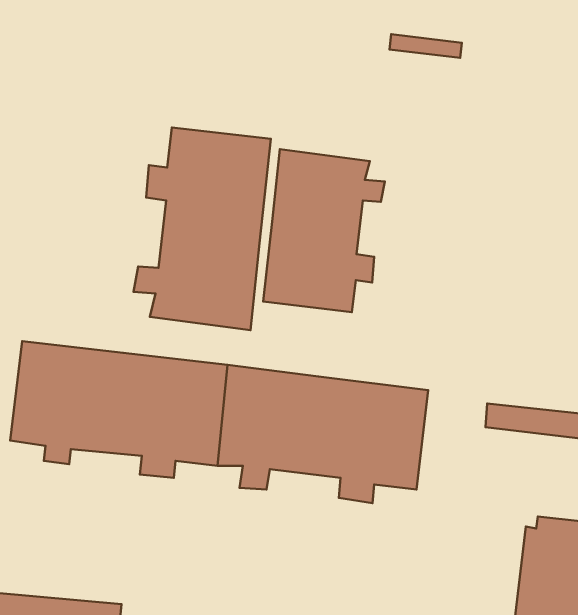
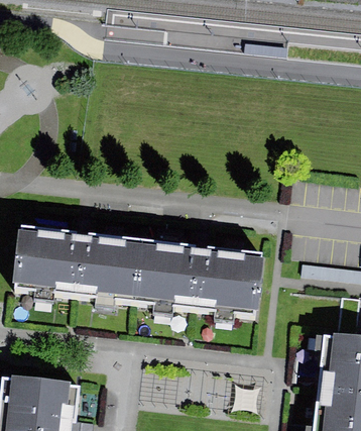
building: [134,127,271,330] -> none
building: [263,149,385,312] -> none

